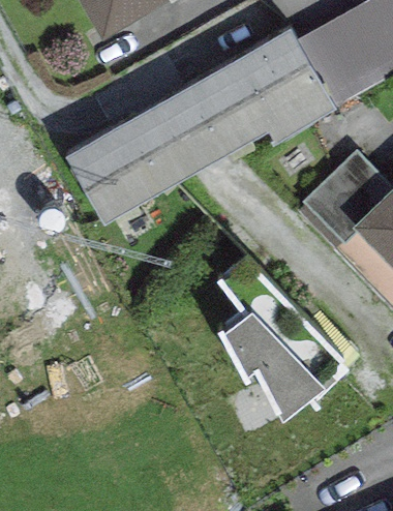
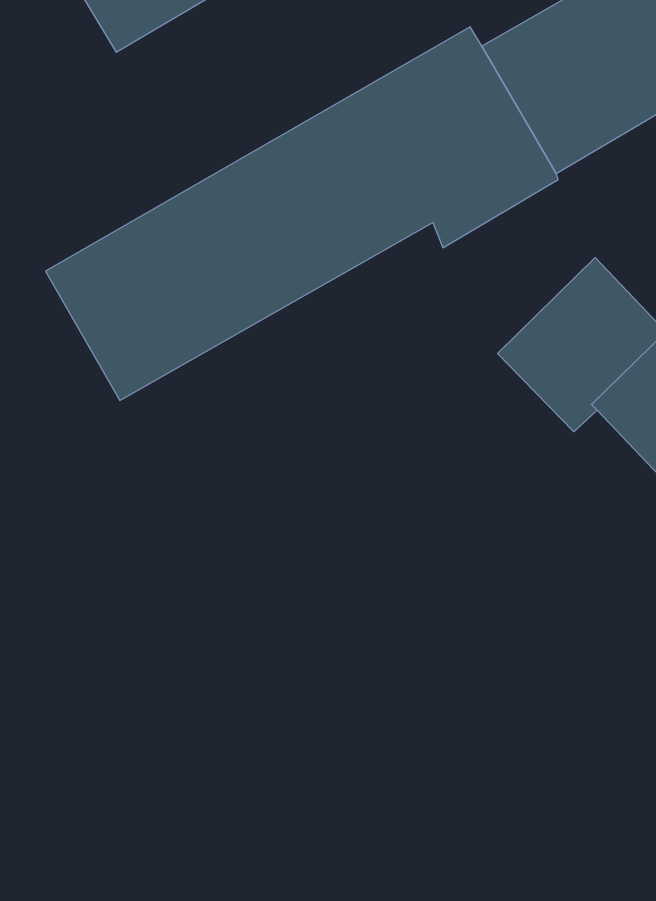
building: [215,253,350,422] -> none

